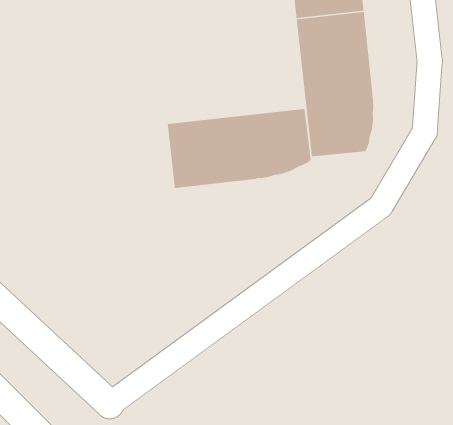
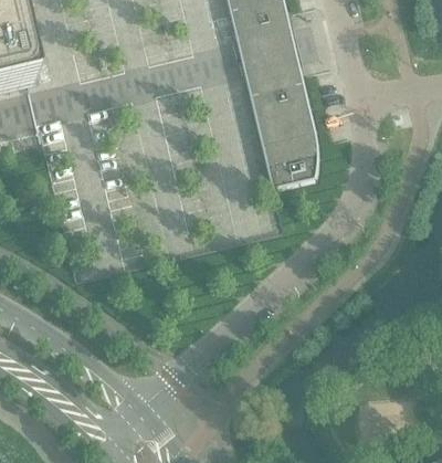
building: [167,108,312,189] -> none

